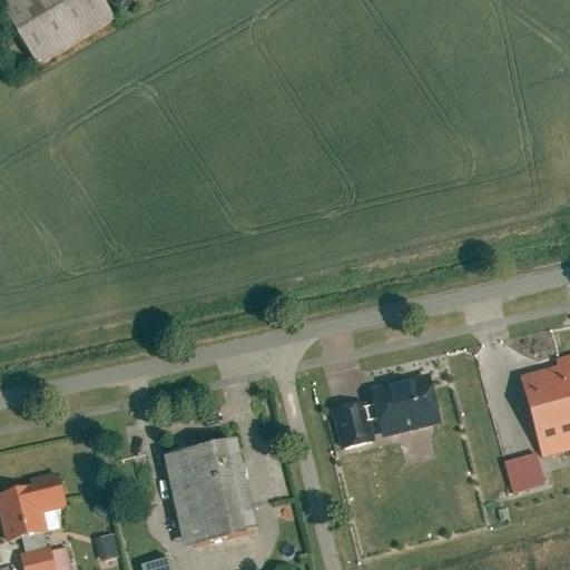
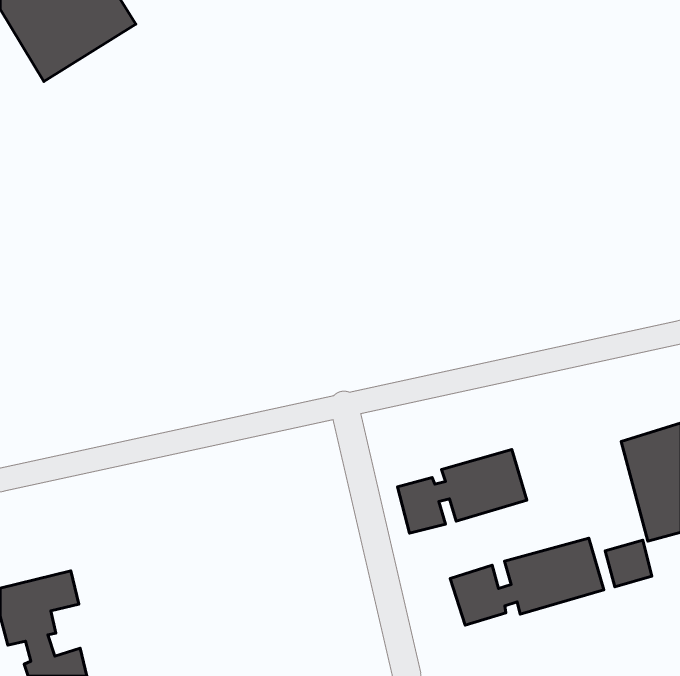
building: [159,439,256,548] -> none
building: none -> [450,538,604,625]

